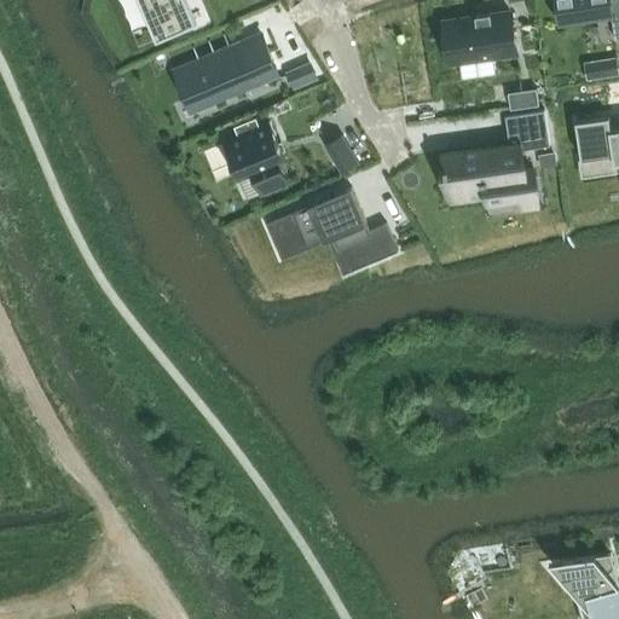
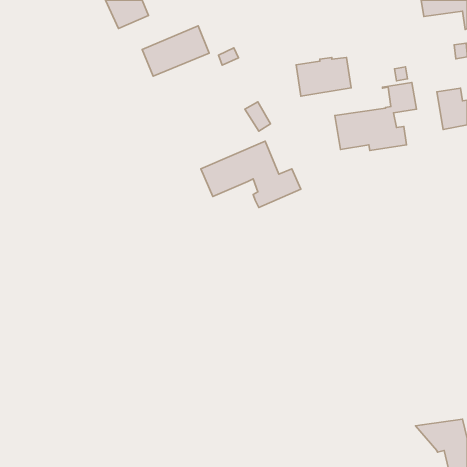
building: [441,13,514,64] -> [296,57,351,96]
building: [221,120,289,196] -> none

